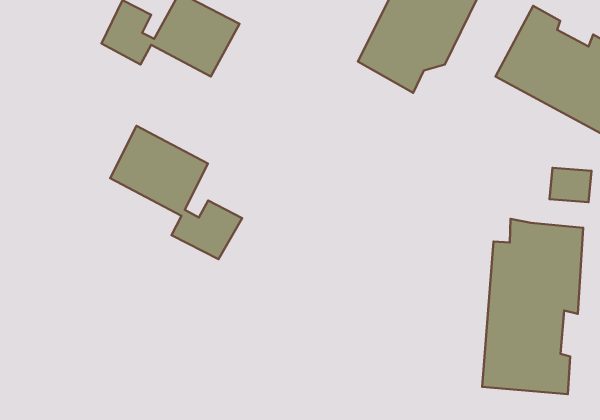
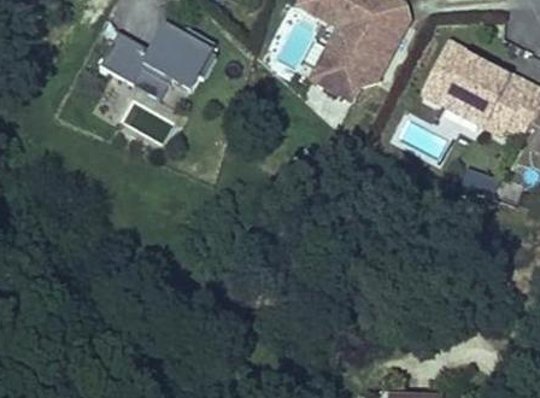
building: [110,126,242,259] -> none
building: [482,219,583,394] -> none

